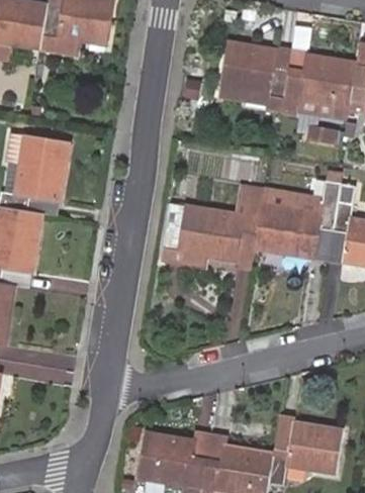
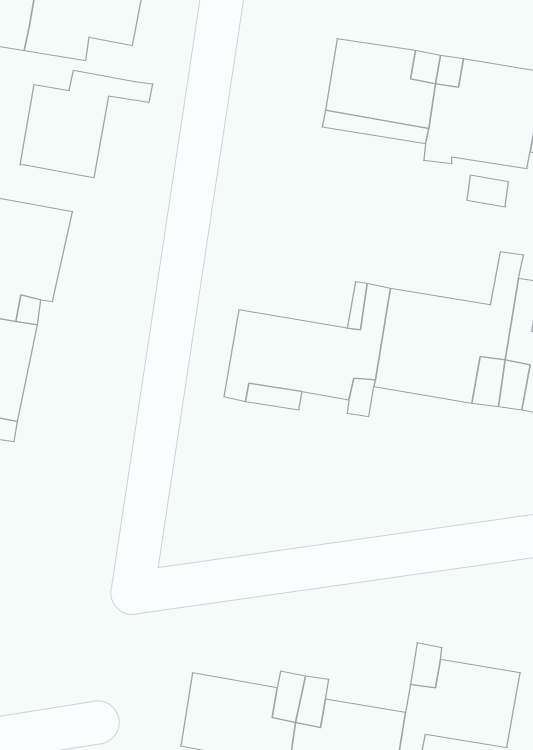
building: none -> [20,70,153,178]

